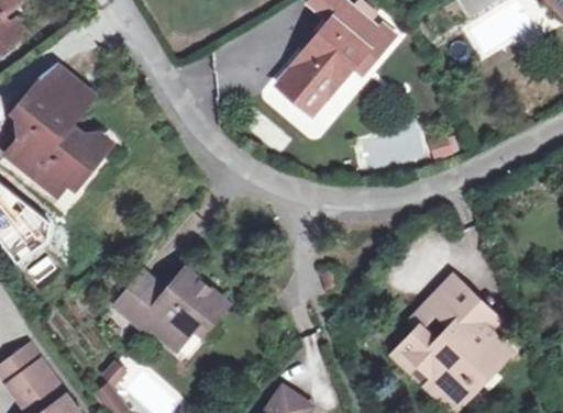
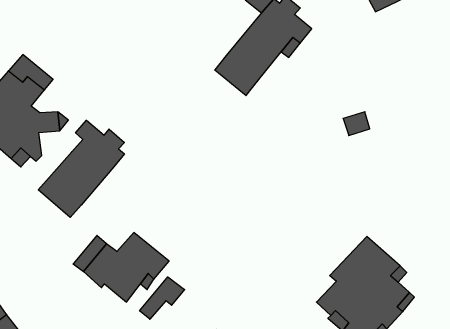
building: none -> [38,120,124,217]
building: none -> [140,277,185,319]

